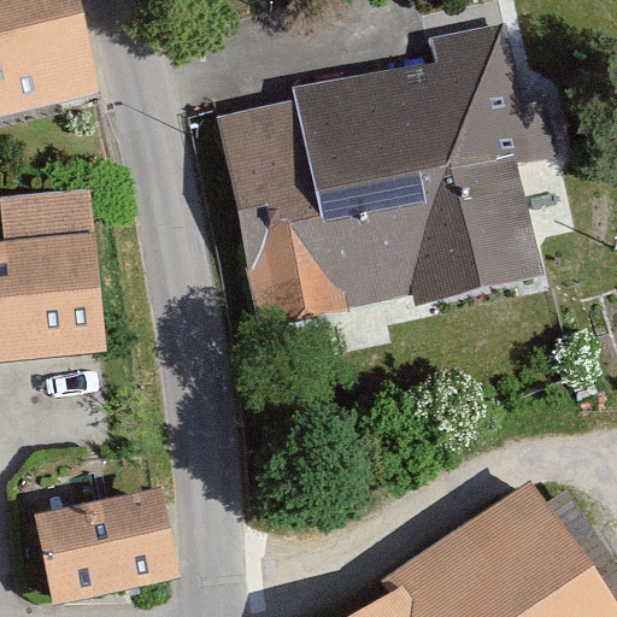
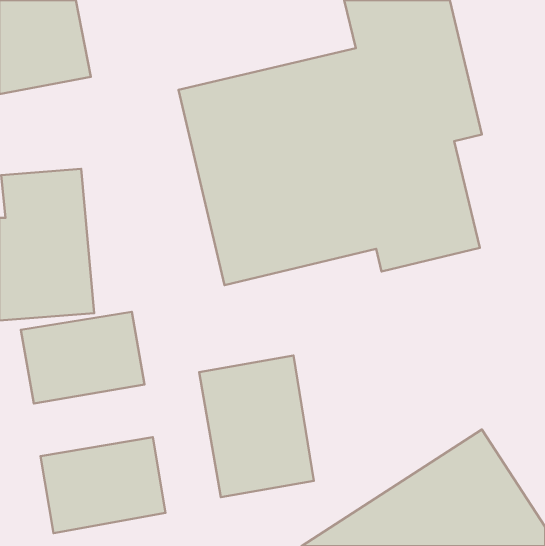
building: none -> [21,312,145,404]
building: none -> [199,356,314,497]

